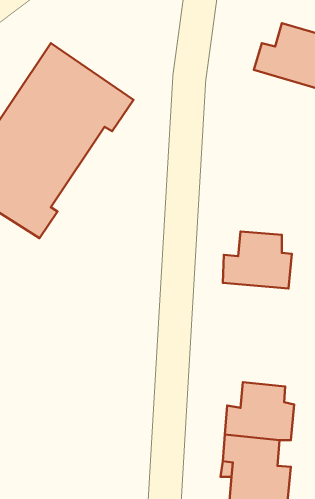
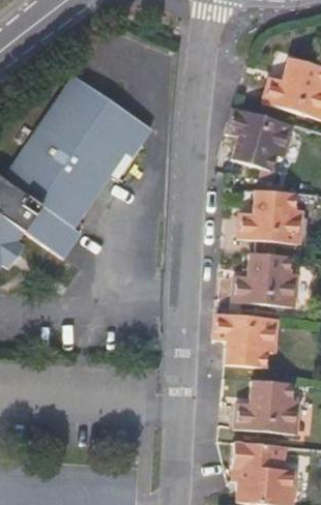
building: none -> [227,106,295,169]
building: none -> [239,188,303,242]
building: none -> [214,311,280,366]

